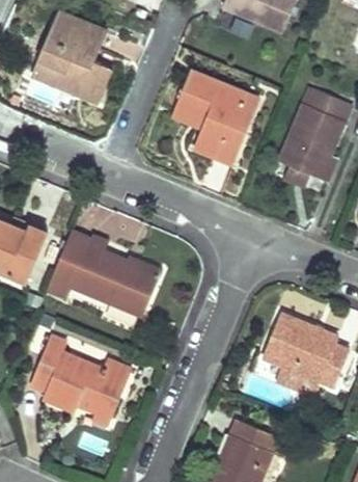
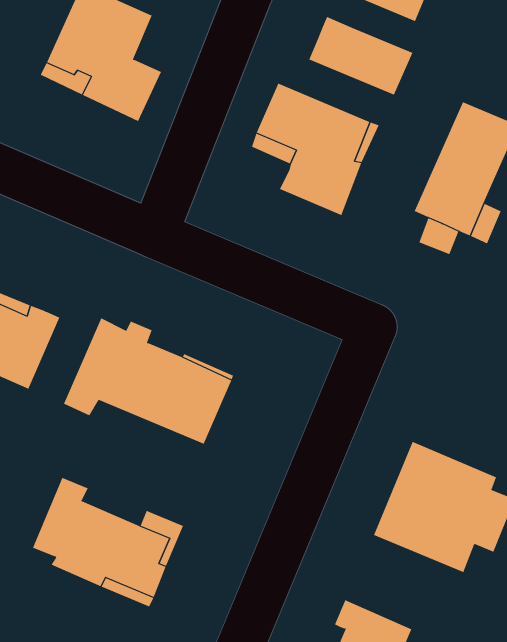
building: none -> [309,16,413,96]

